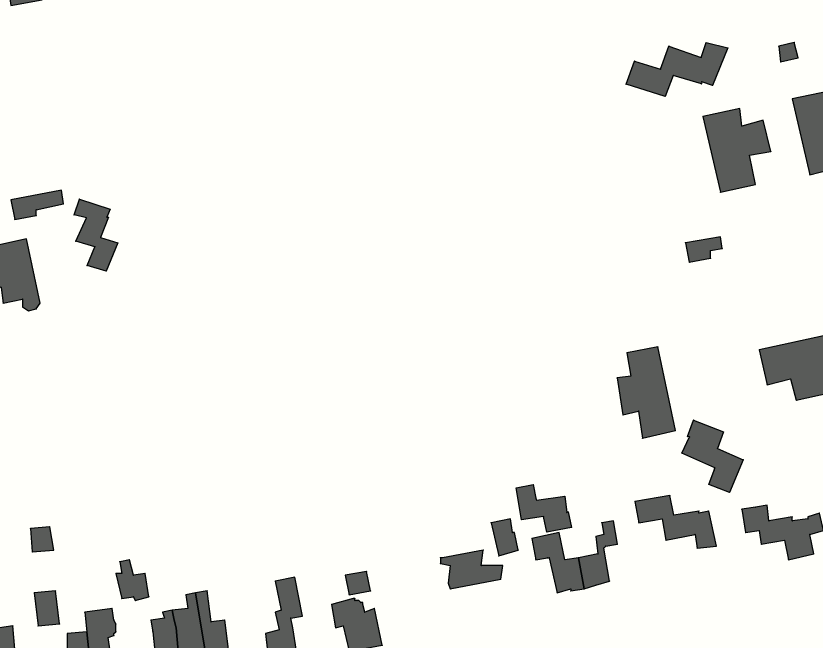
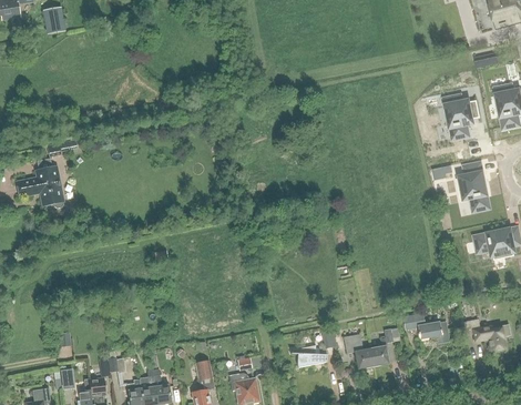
building: [626,43,728,96] -> none
building: [74,199,118,271] -> none
building: [617,347,675,438] -> [457,162,490,214]
building: [682,420,743,492] -> none
building: [516,485,572,532] -> none

